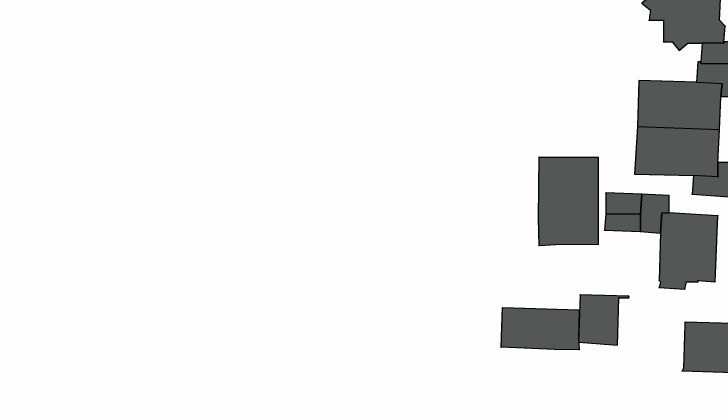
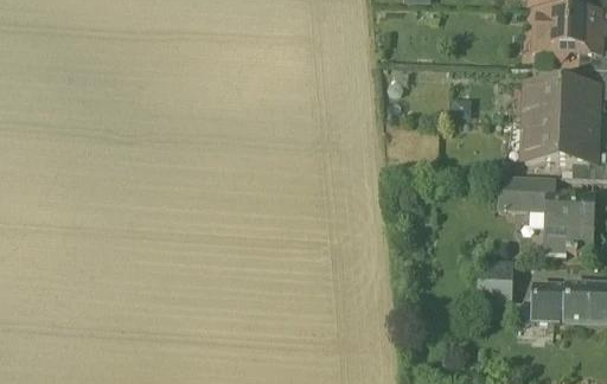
building: [538,157,598,246] -> none
building: [501,308,579,350] -> none
building: none -> [533,282,567,320]

